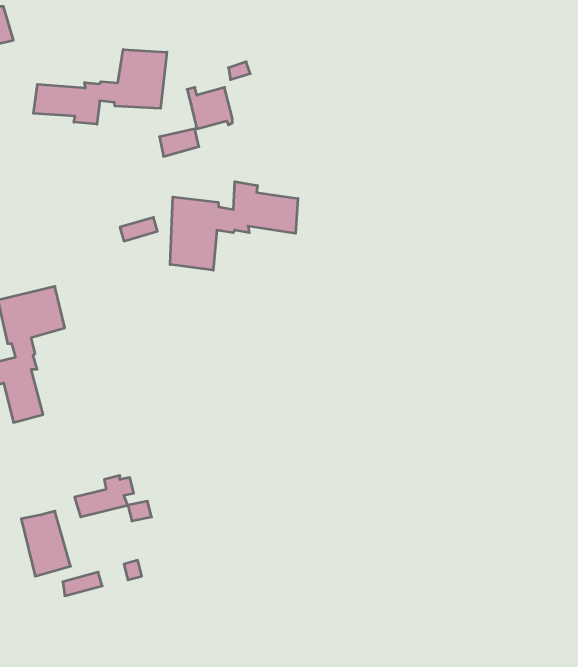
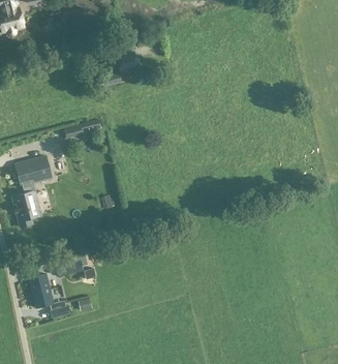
building: [33,49,167,124] -> none
building: [170,182,298,270] -> none

